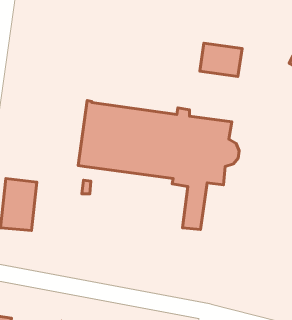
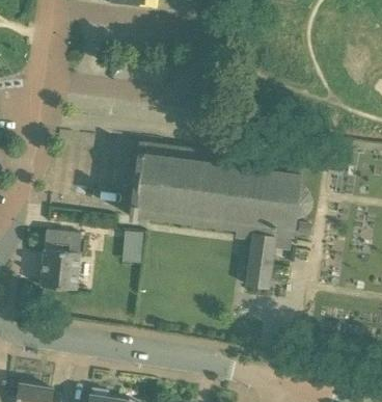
building: [200,43,242,76] -> none

